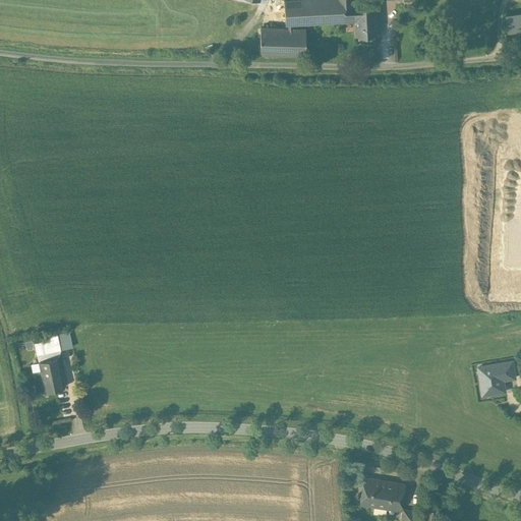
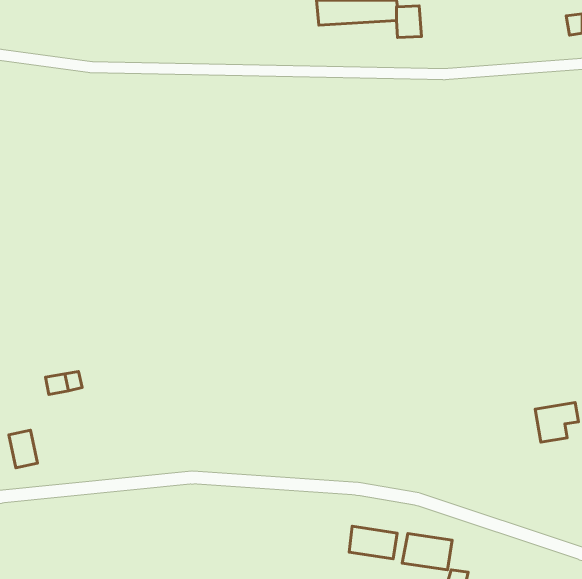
building: [259,30,305,58] -> none
building: [39,359,64,393] -> [9,430,37,468]
building: none -> [349,526,397,559]

